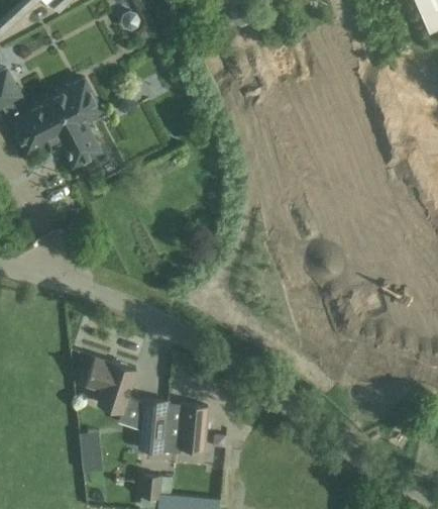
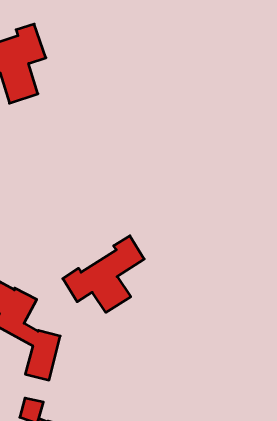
building: none -> [63,236,144,312]
building: [163,404,208,453] -> none

